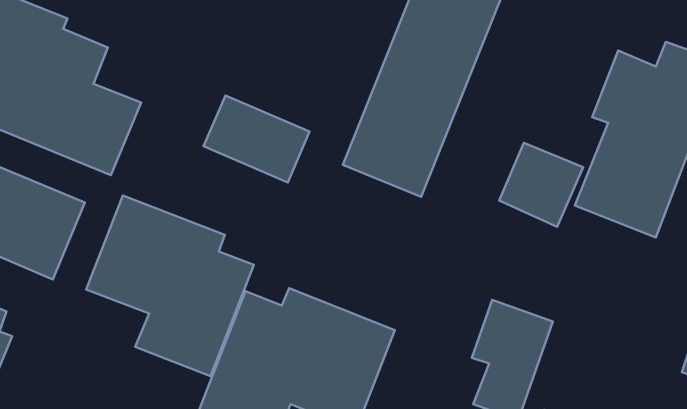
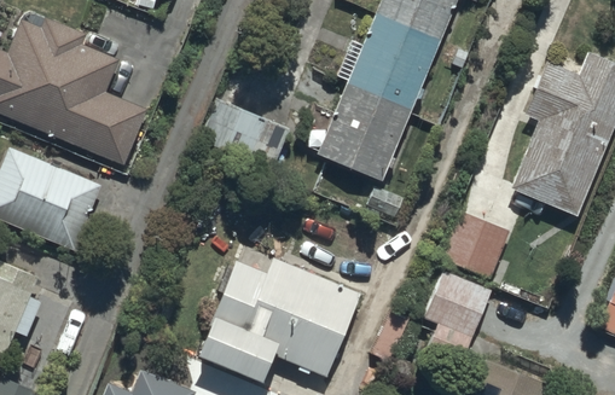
building: [499,143,583,227] -> [439,209,509,279]
building: [86,196,254,376] -> none

